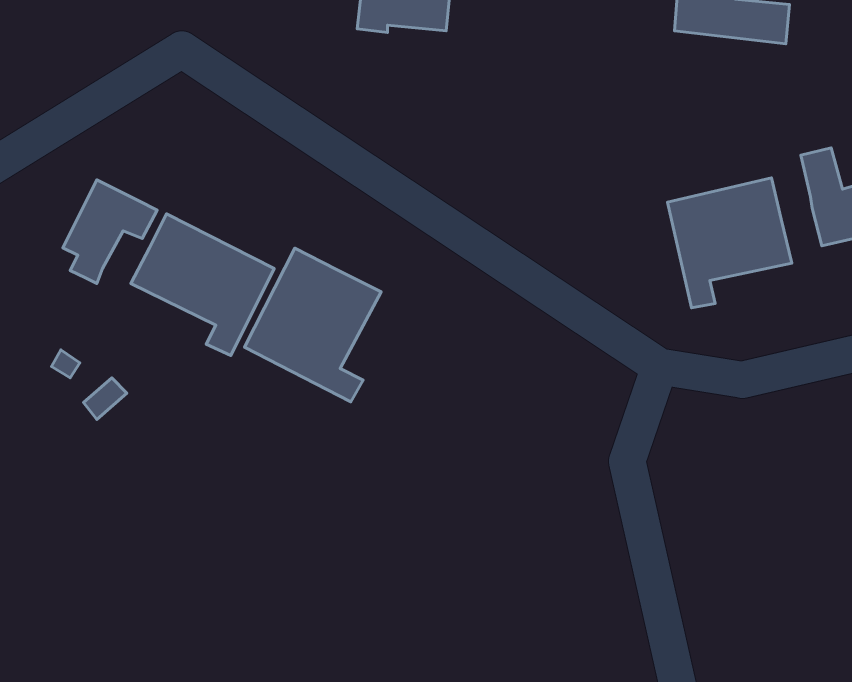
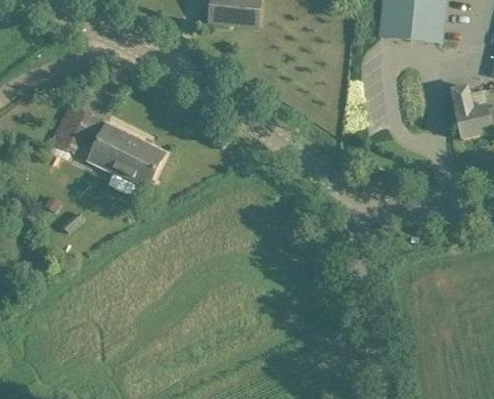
building: [667,178,792,308] -> none
building: [245,248,381,402] -> none

